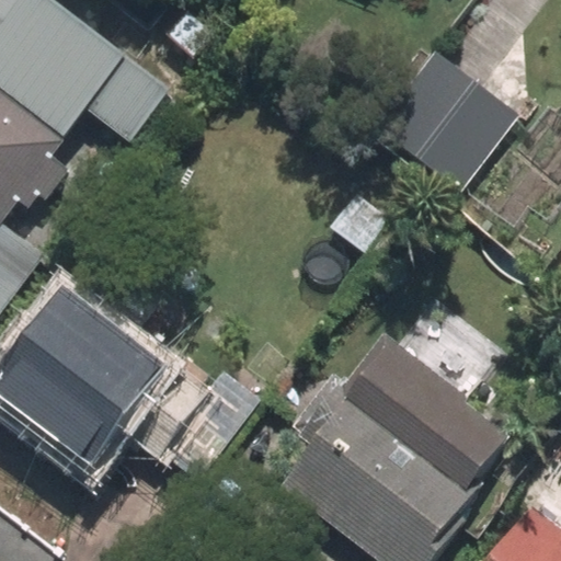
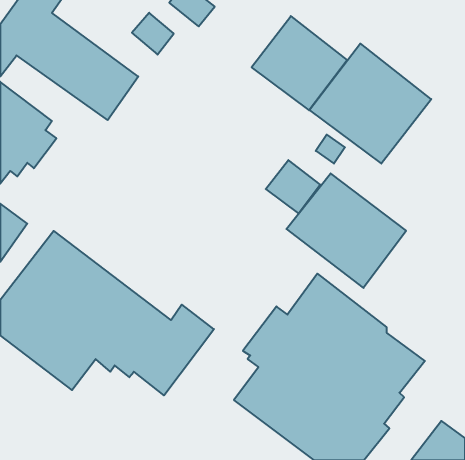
building: none -> [252,16,347,110]
building: none -> [286,173,406,288]

